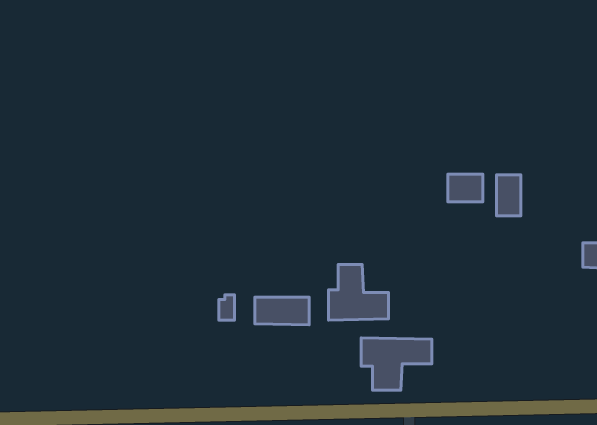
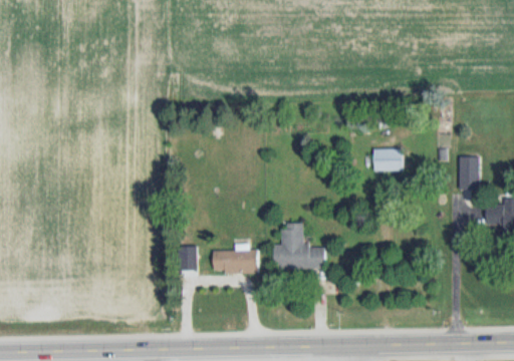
building: [497,175,521,216] -> [458,157,478,192]
building: [361,338,432,390] -> none

